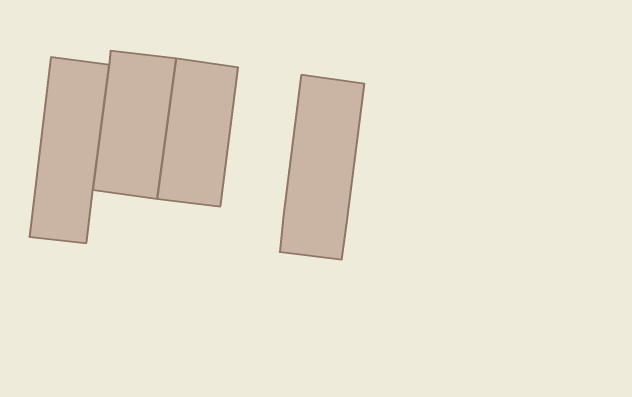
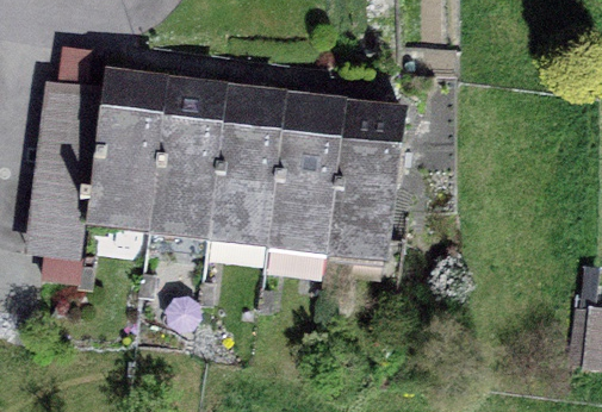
building: none -> [209,95,285,235]
building: none -> [328,111,405,250]

